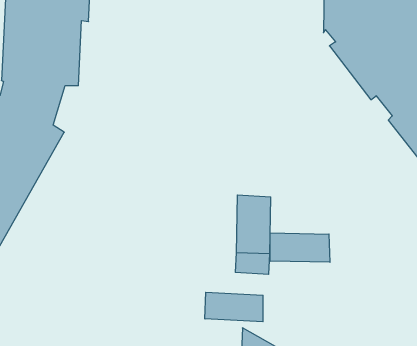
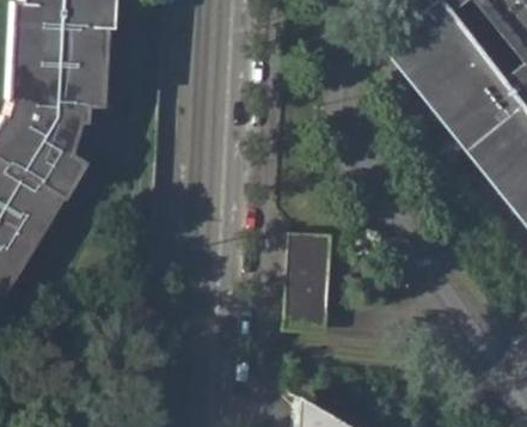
building: [270,233,330,262] -> none
building: [205,292,263,322] -> none

